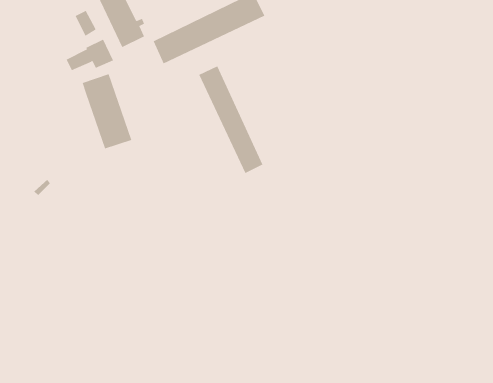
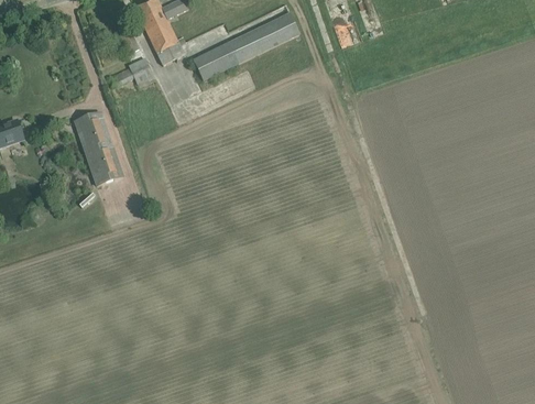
building: [198,66,263,174] -> none
building: [82,74,132,149] -> [74,111,122,184]

